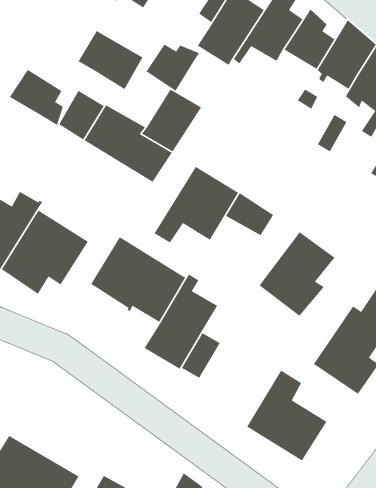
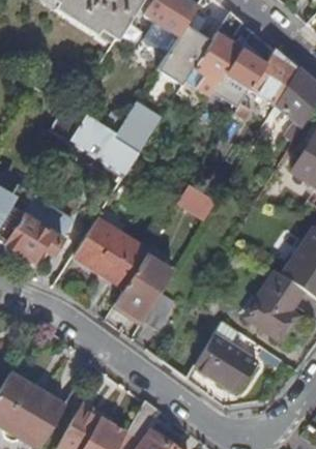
building: [77,30,144,90] -> none
building: [146,43,200,92] -> none
building: [9,69,64,126] -> none
building: [153,166,239,244] -> none
building: [258,231,336,316] -> none

